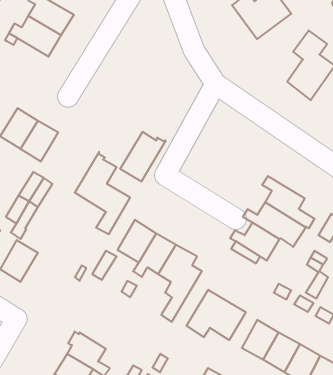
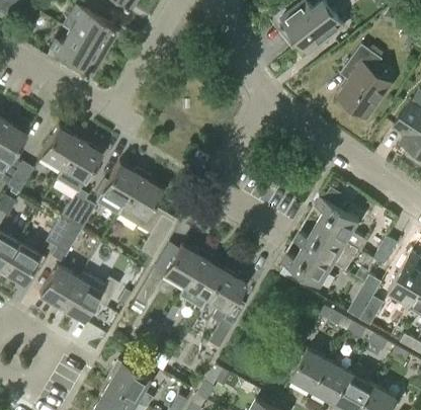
building: [120,132,166,181] -> [95,163,143,215]
building: none -> [61,272,118,321]
building: [187,290,246,340] -> none

